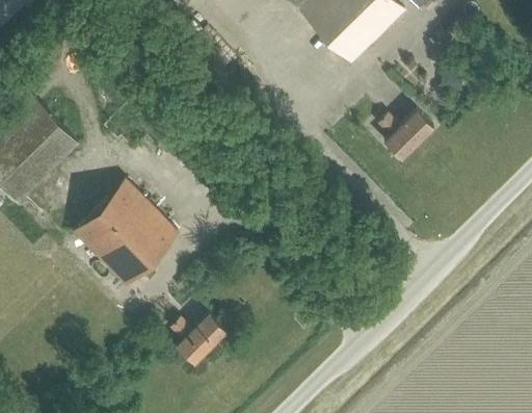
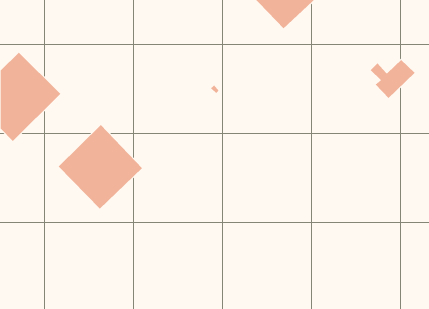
building: [378,110,434,159] -> [370,59,415,99]
building: [170,314,227,364] -> none

